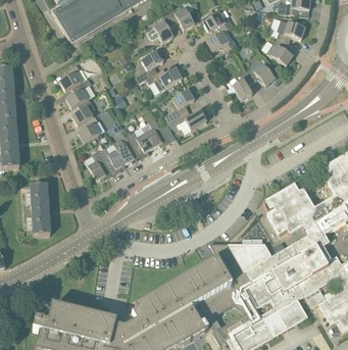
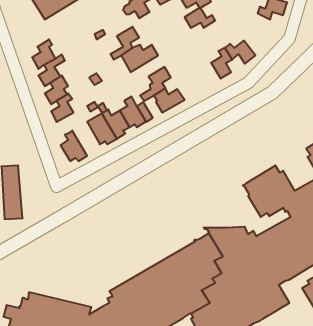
building: [265,36,292,64] -> none
building: [98,141,125,173] -> none

